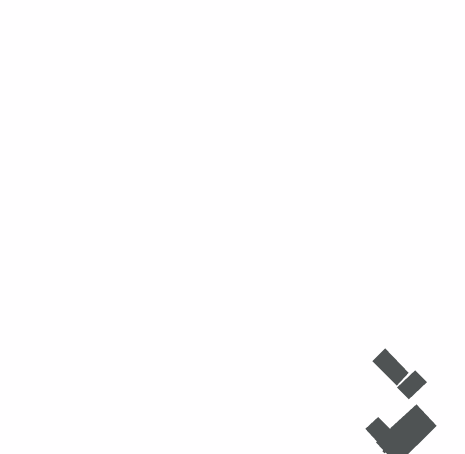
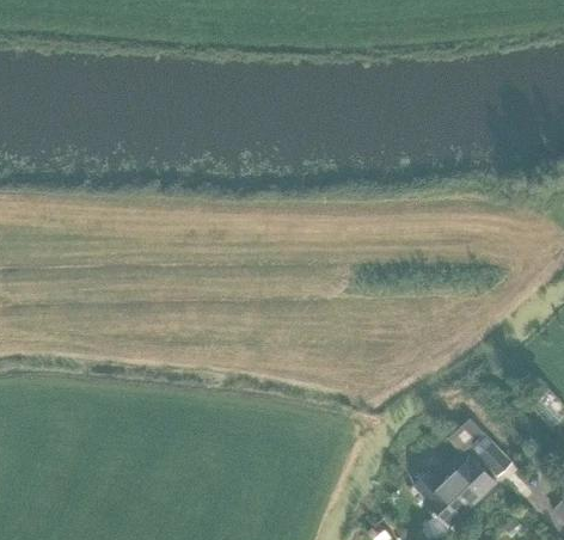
building: [371,347,410,387] -> [470,432,513,477]

